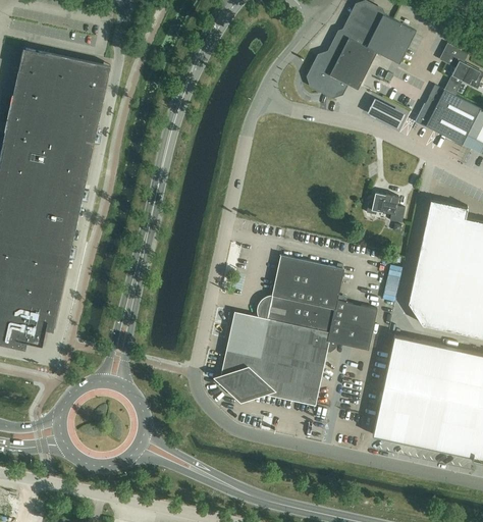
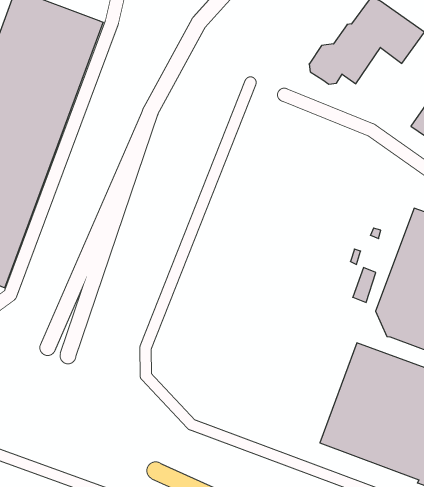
building: [367,99,405,129] -> none
building: [366,194,405,223] -> none
building: [219,256,377,405] -> none

